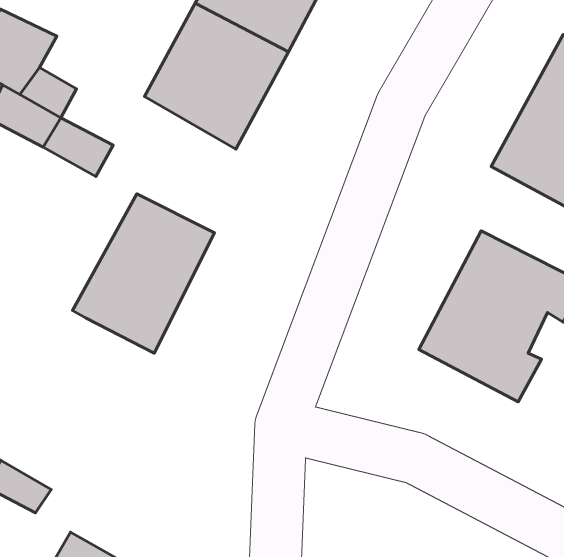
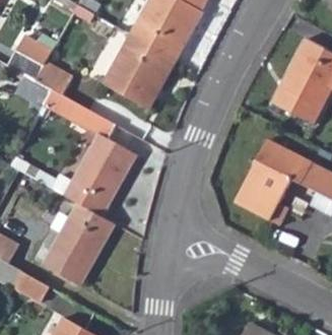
building: none -> [36,190,116,277]

